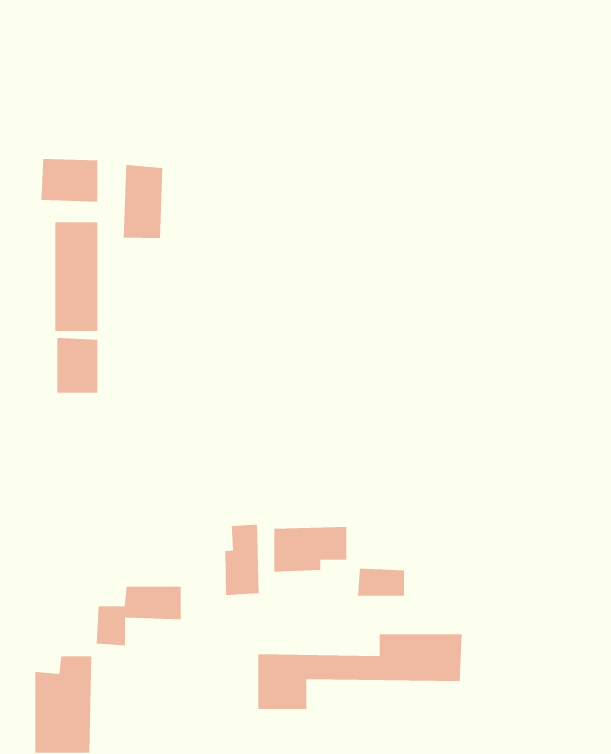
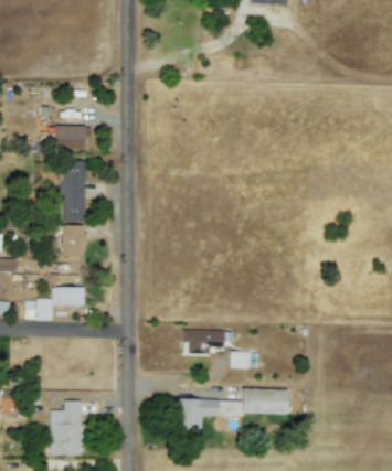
building: [123,164,163,239] -> none
building: [225,524,259,596] -> none
building: [96,586,182,646] -> [36,287,84,320]

